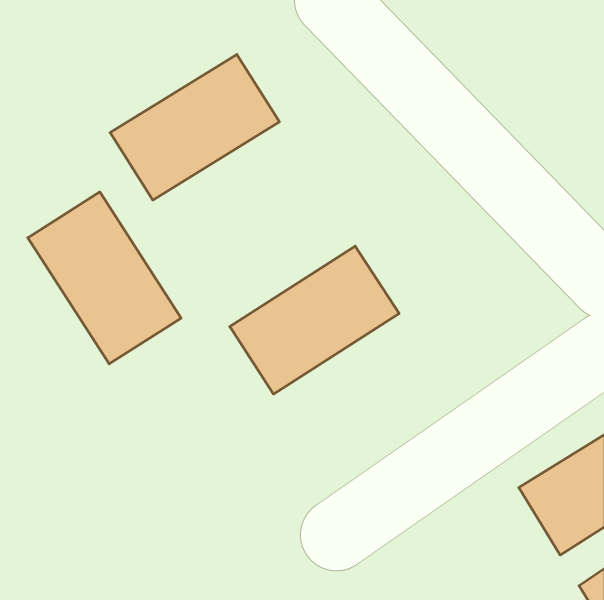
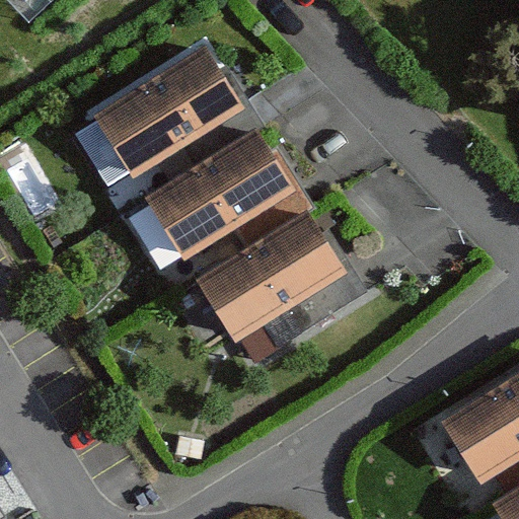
building: none -> [145,133,290,260]
building: [28,192,181,364] -> none

